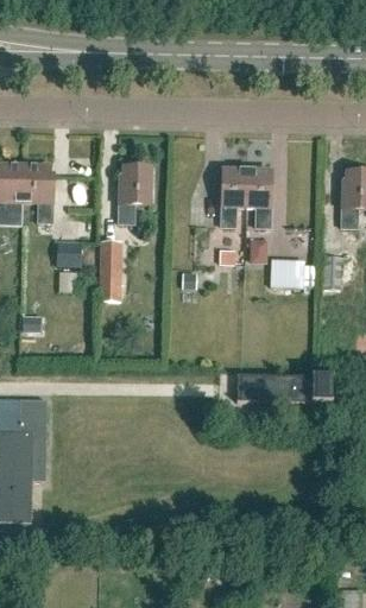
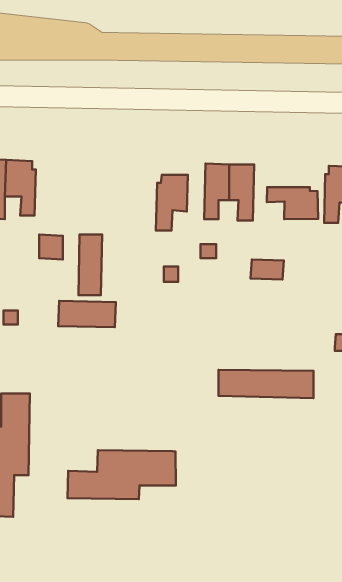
building: [119,166,151,222] -> [156,175,188,230]
building: none -> [267,187,318,219]
building: none -> [58,301,116,327]
building: none -> [67,450,176,499]

